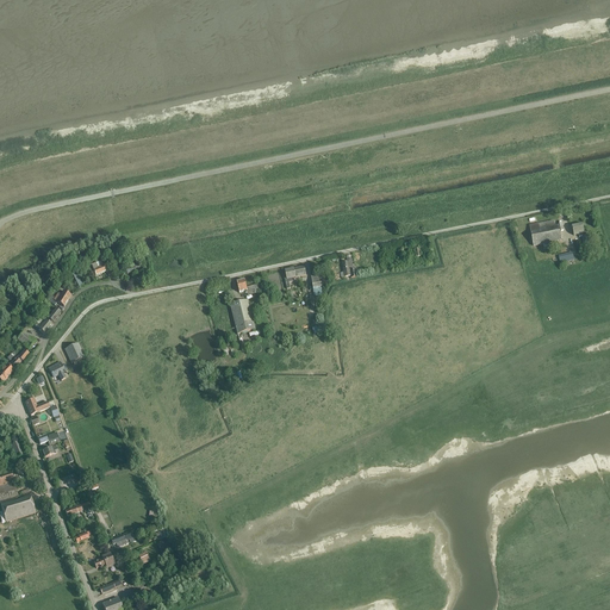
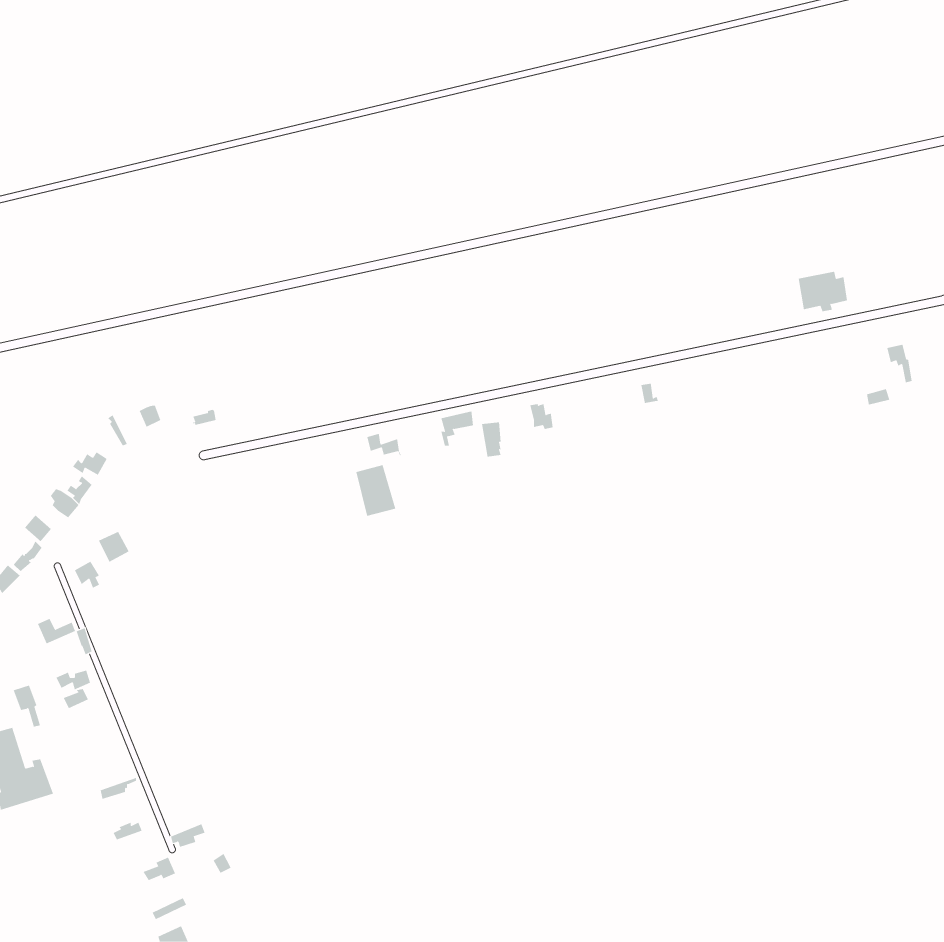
building: [528,219,560,245] -> [798,271,848,312]

